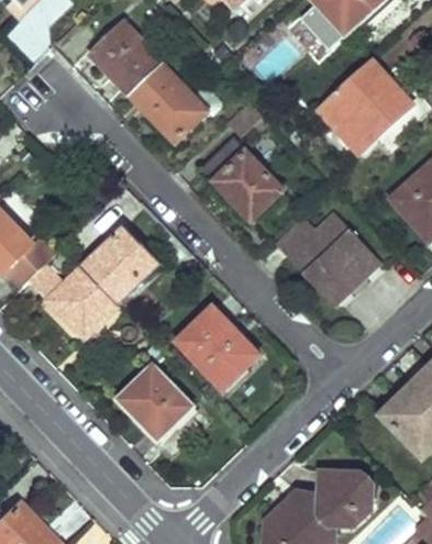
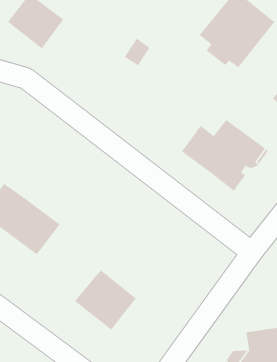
building: [130,63,206,142] -> none
building: [202,136,281,219] -> none
building: [78,225,157,304] -> none
building: [178,308,259,389] -> none

